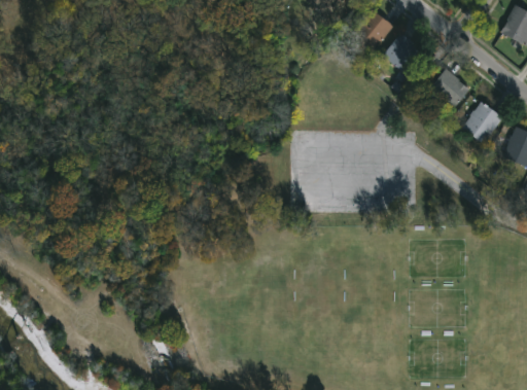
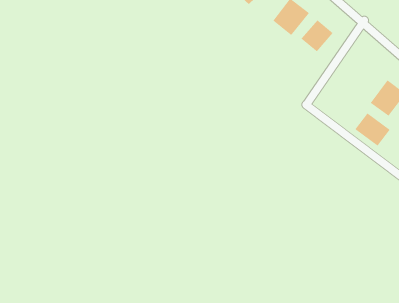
building: [430,68,470,107] -> none
building: none -> [355,113,390,146]

